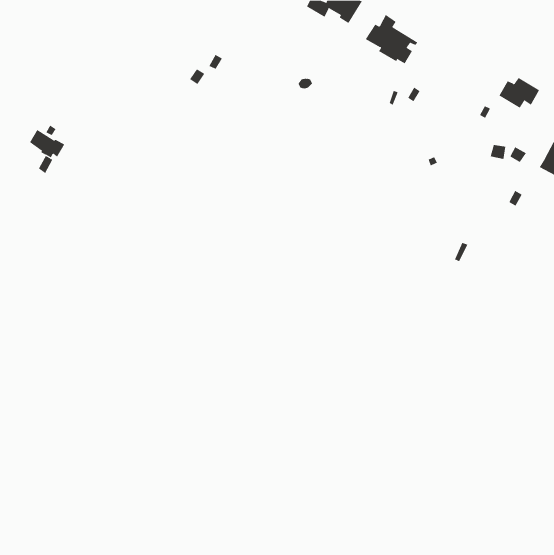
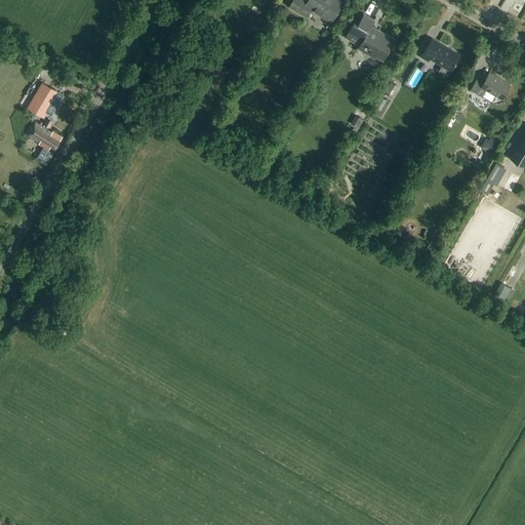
building: none -> [420,39,460,77]
building: none -> [32,83,59,112]

